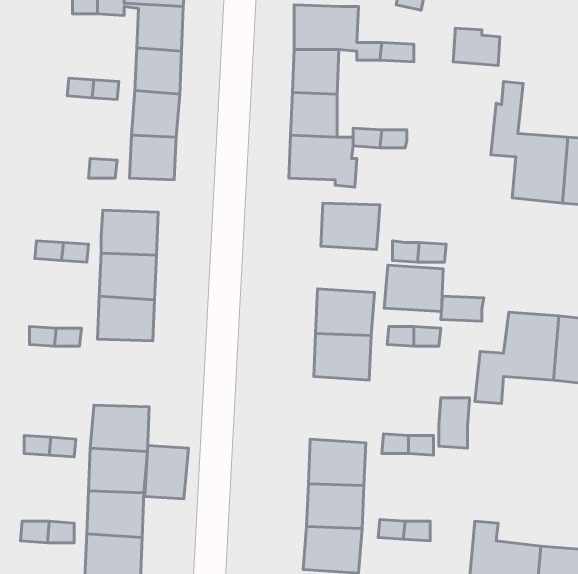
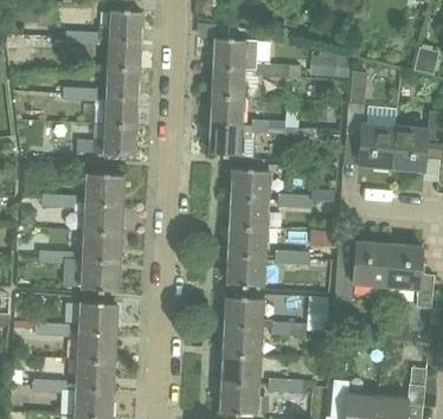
building: [384,265,443,312] -> [229,196,268,227]
building: none -> [81,258,120,289]
building: none -> [224,296,262,327]
building: [145,446,188,499] -> none

